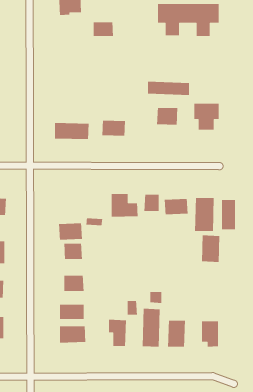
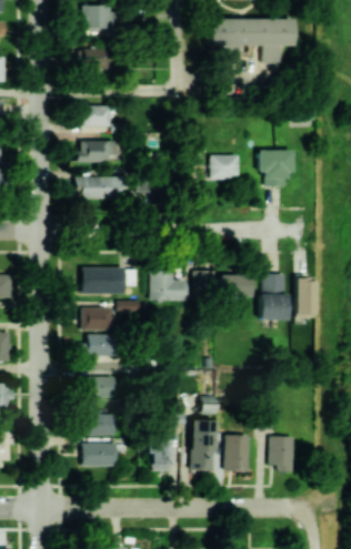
building: [93,22,114,37] -> [84,49,112,69]
building: none -> [78,105,111,126]
building: [147,81,190,96] -> none
building: none -> [80,141,118,162]
building: none -> [82,266,127,294]
building: [201,234,220,263] -> none

